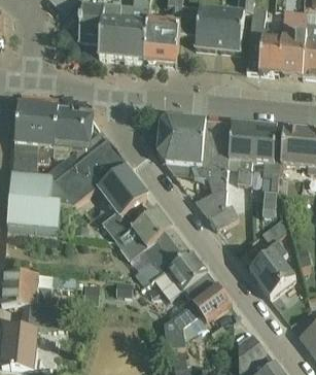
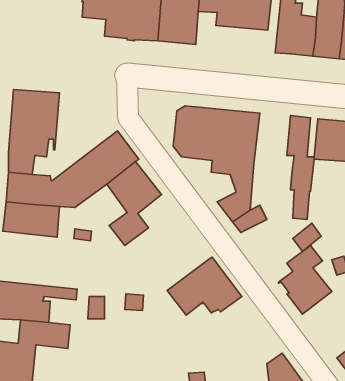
building: [55,106,109,165] -> none
building: [229,124,259,183] -> none
building: [115,207,189,282] -> none
building: [163,283,231,349] -> none

